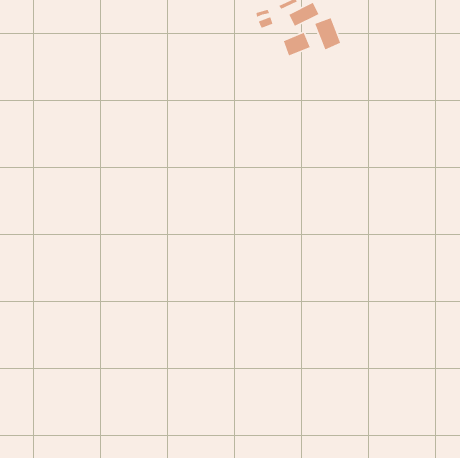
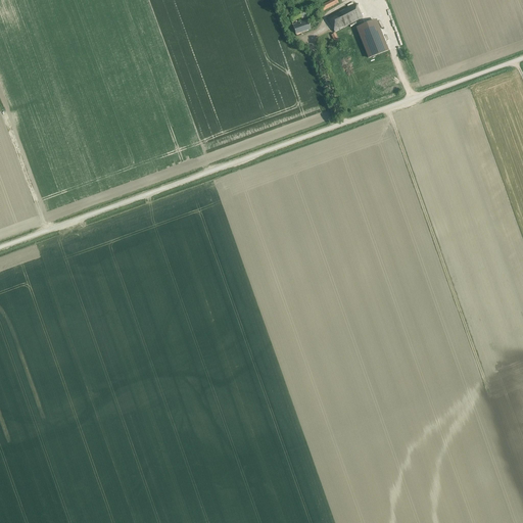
building: [283,32,311,56] -> none

